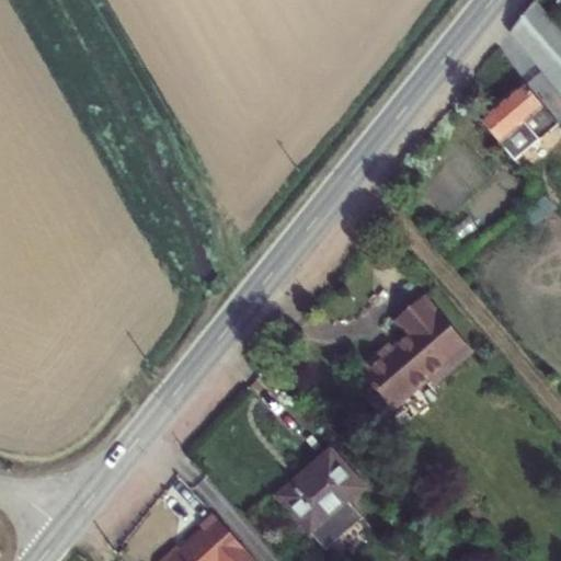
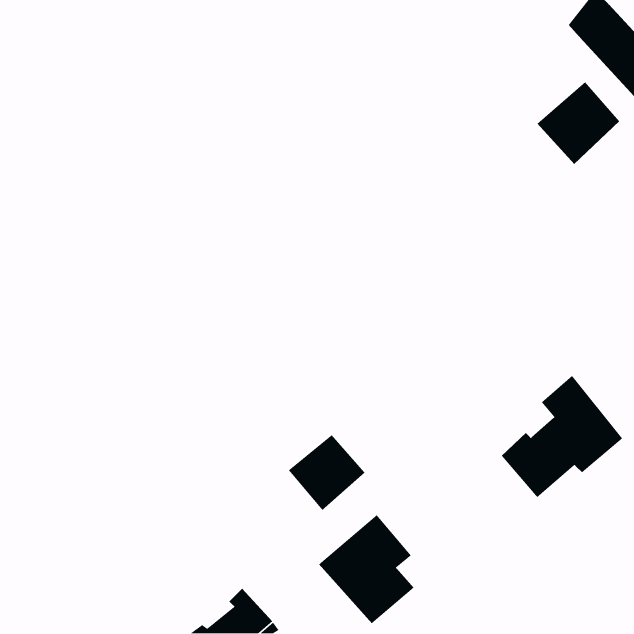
building: [359,299,467,408] -> [501,375,623,498]
building: none -> [288,434,365,511]

